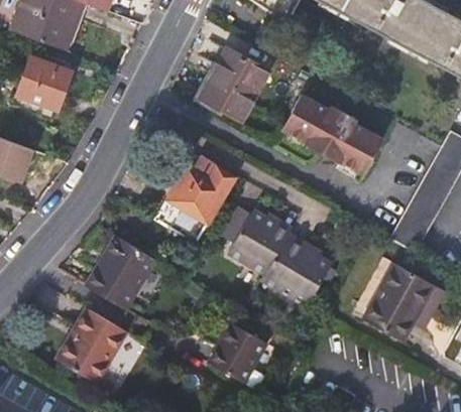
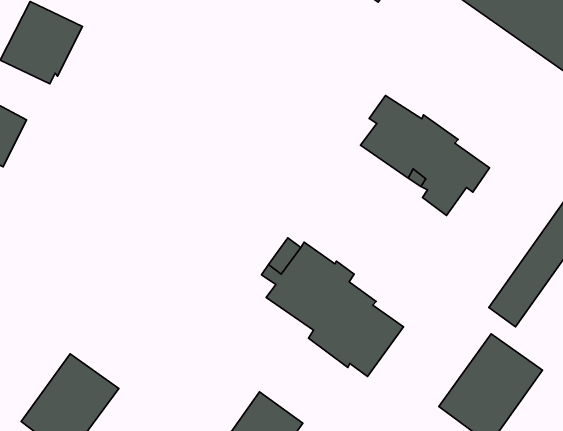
building: [200,37,266,117] -> none
building: [156,156,234,242] -> none
building: [88,234,155,307] -> none

